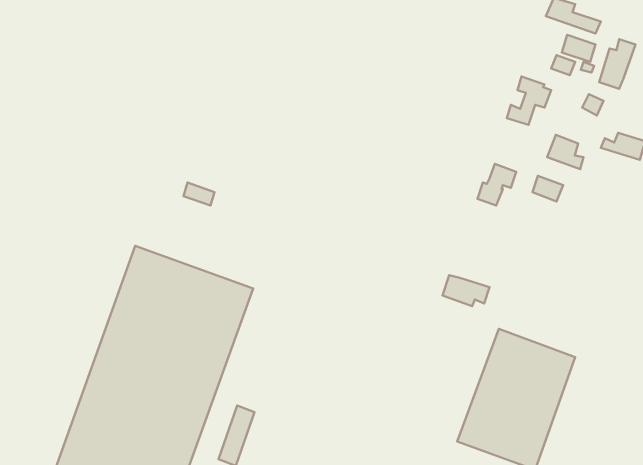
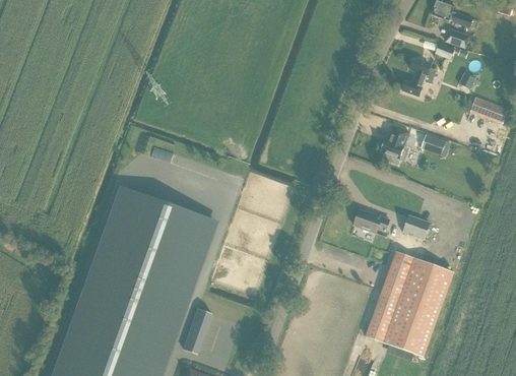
building: [599,39,635,89] -> none
building: [547,135,584,169] -> none
building: none -> [402,214,430,239]

